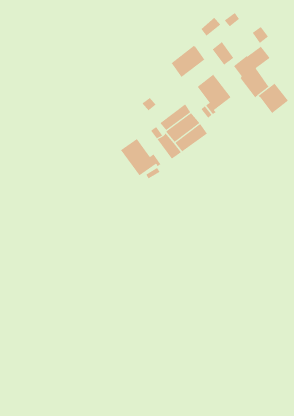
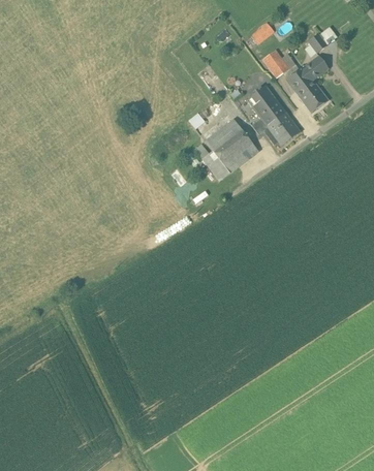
building: [171,45,205,78] -> none
building: [258,83,289,114] -> [266,112,300,146]
building: [120,138,161,176] -> none

